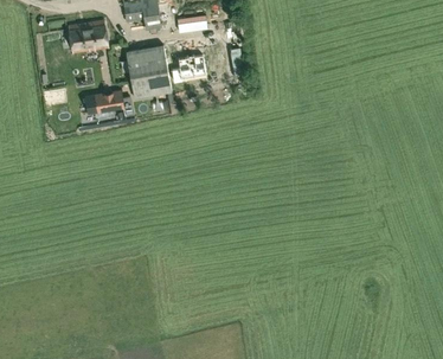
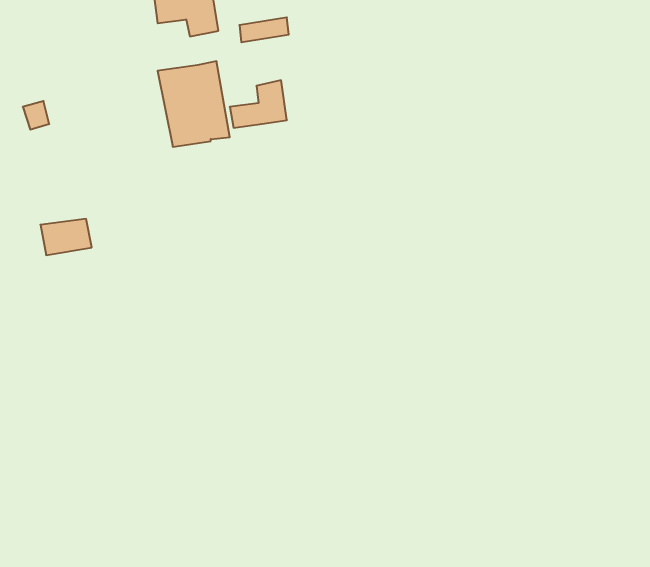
building: [69,19,107,50] -> none
building: [92,92,124,115] -> [40,219,92,255]

